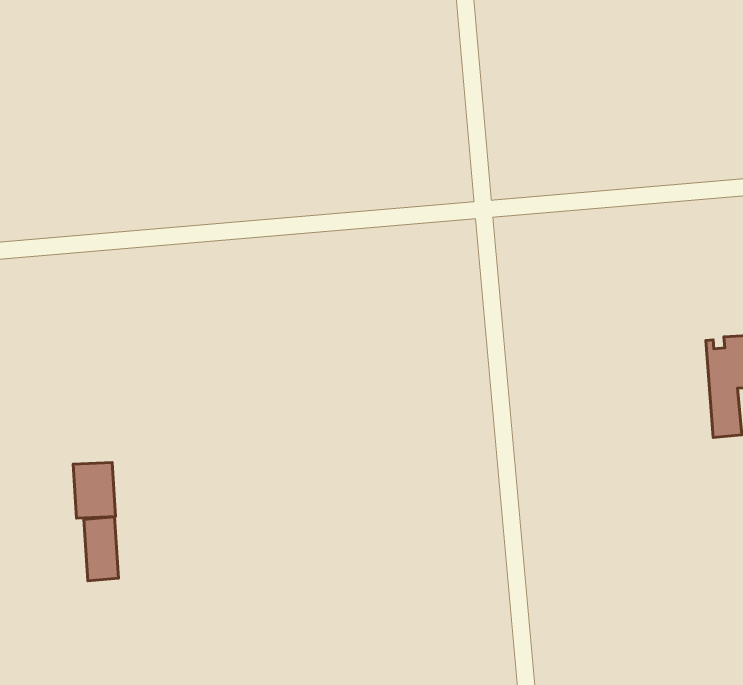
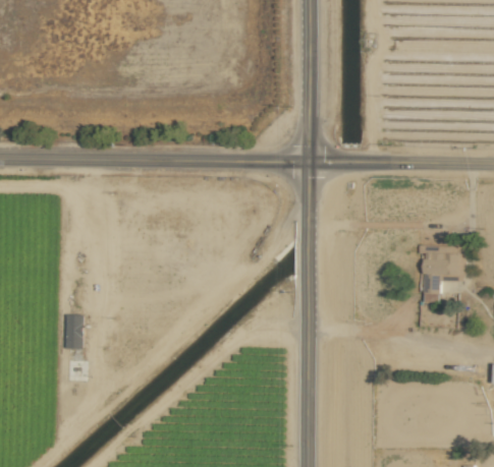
building: [73,462,115,518] -> none

